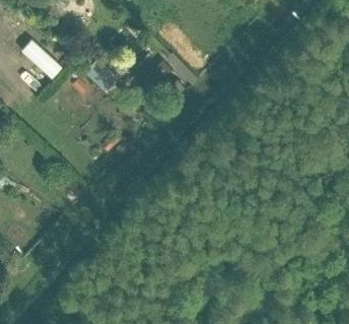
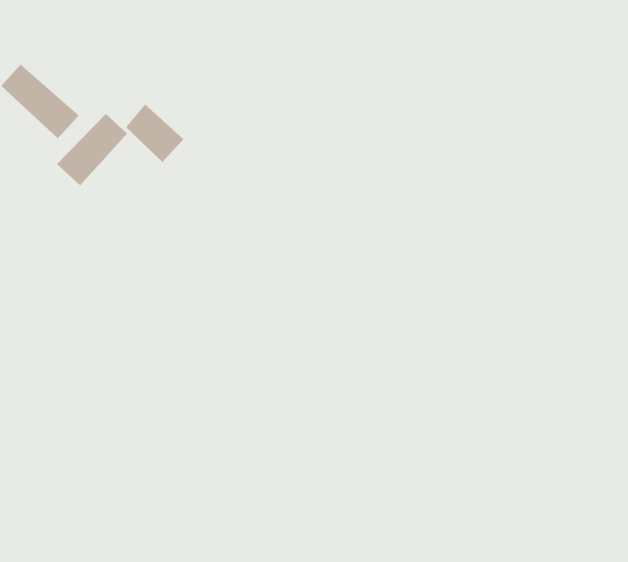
building: none -> [56,113,128,186]

